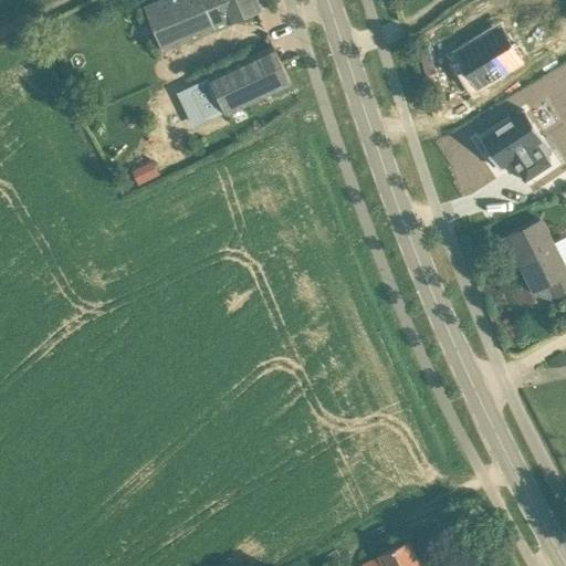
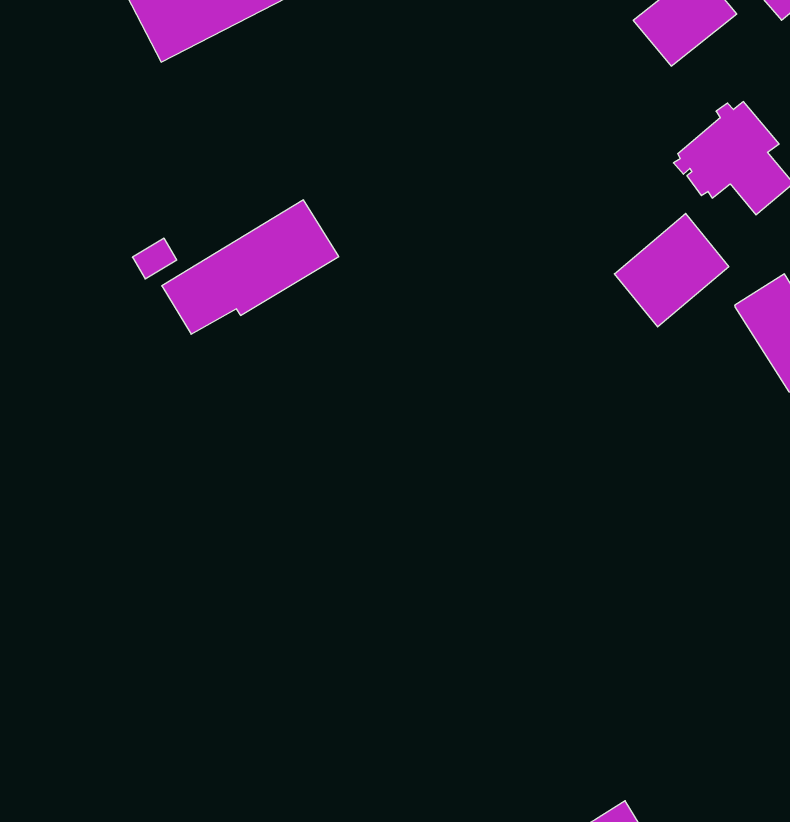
building: [177,46,290,124] -> [162,200,339,334]
building: none -> [614,213,729,327]

